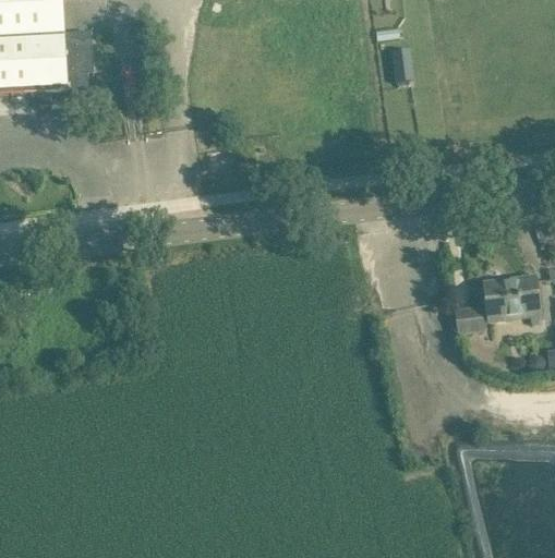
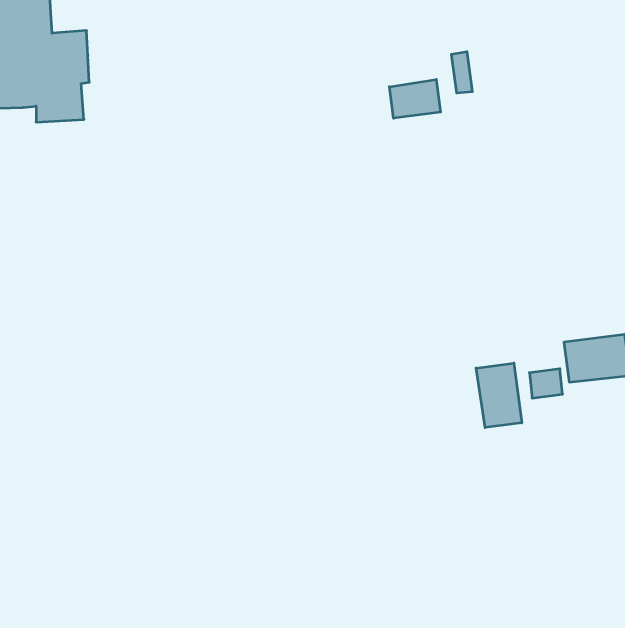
building: none -> [389,79,441,118]
building: none -> [476,363,522,428]

